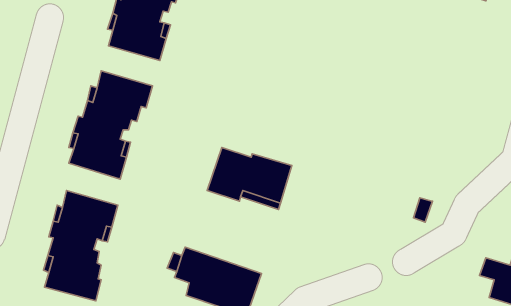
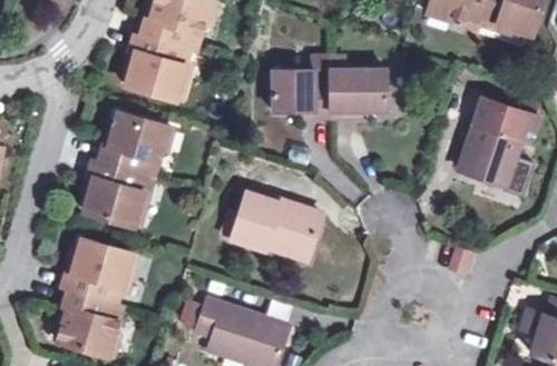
building: none -> [273,69,387,119]
building: none -> [459,103,520,179]

